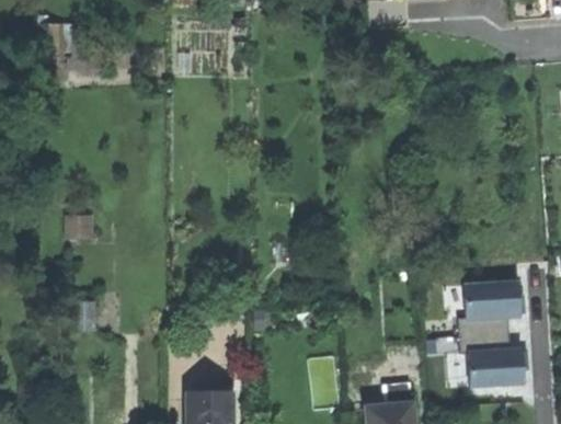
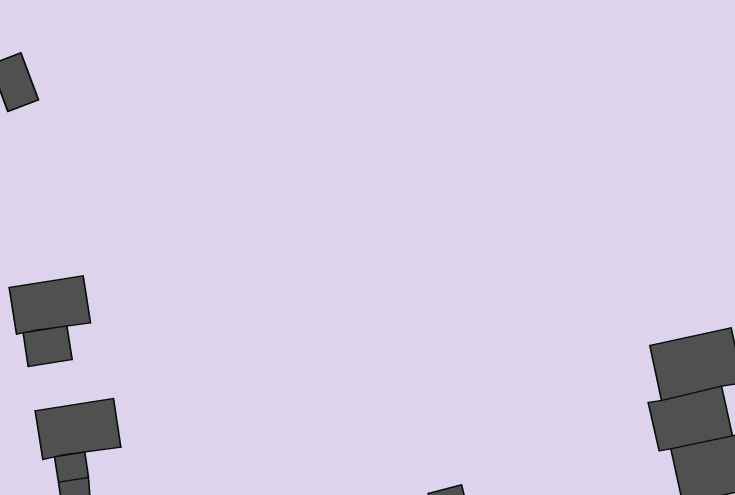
building: none -> [9,276,90,334]
building: none -> [35,399,121,459]

